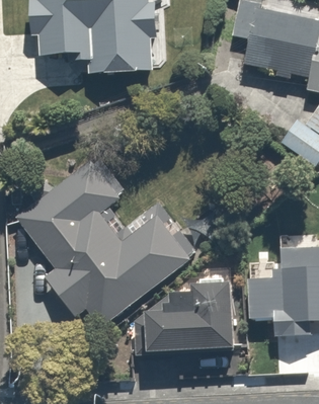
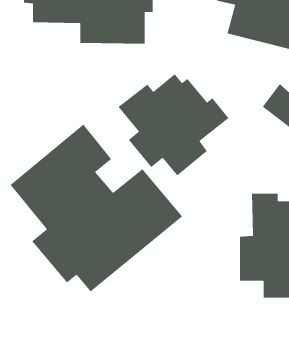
building: none -> [117,73,230,177]
building: [152,284,249,358] -> none

